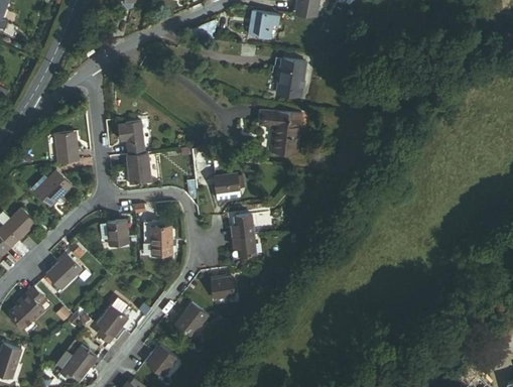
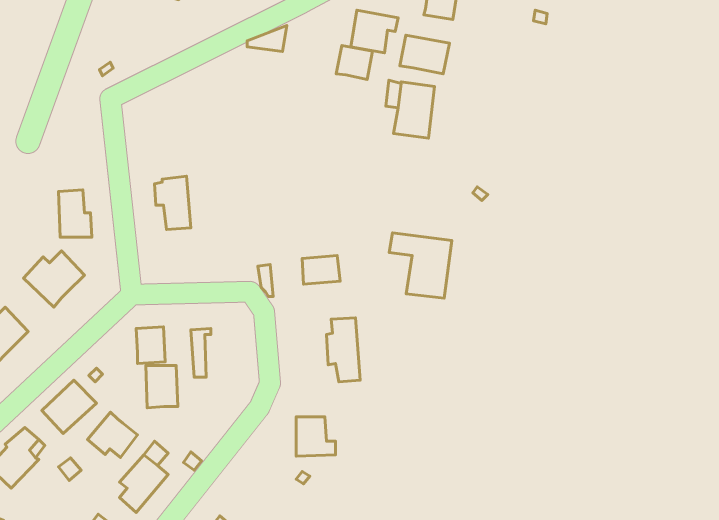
building: none -> [400,35,449,74]
building: none -> [336,45,373,79]
building: [259,111,300,154] -> [389,233,452,298]
building: [125,154,151,186] -> none
building: [152,226,173,254] -> [146,365,178,408]
building: none -> [88,412,138,458]
building: [174,301,208,336] -> none

